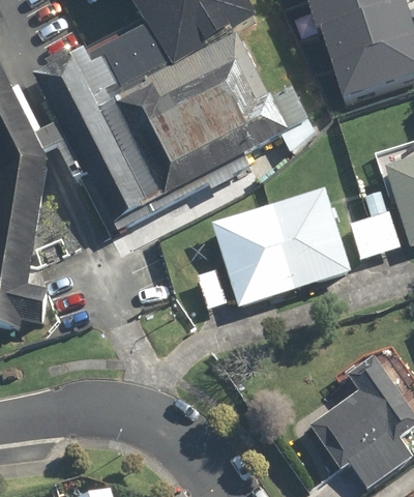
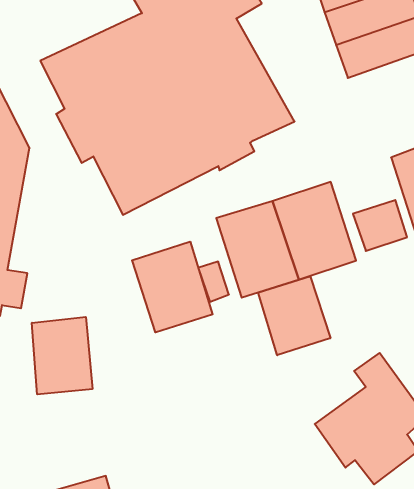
building: none -> [132,242,213,332]
building: none -> [258,276,330,355]
building: none -> [32,317,92,394]

